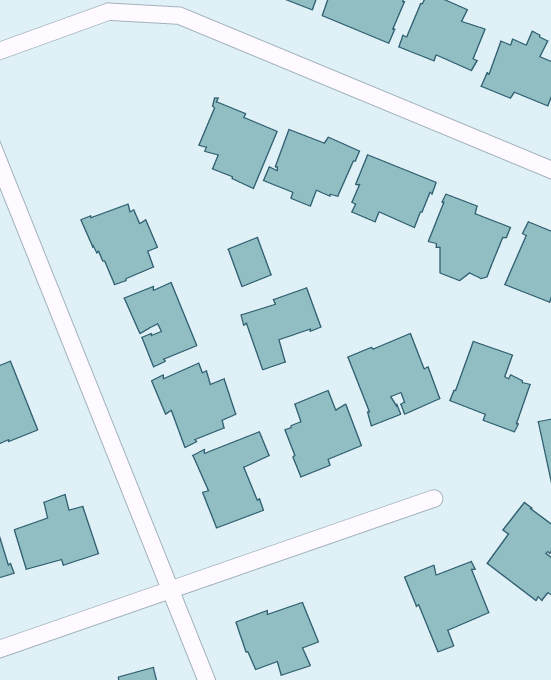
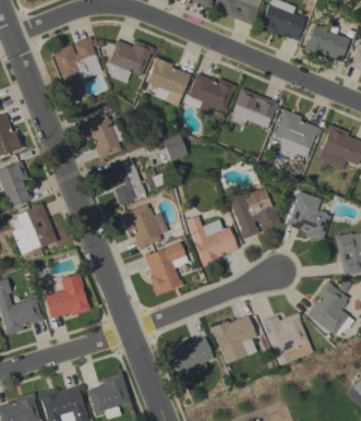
building: none -> [51,36,101,100]
building: none -> [106,39,154,82]
building: [241,288,321,370] -> none
building: none -> [208,314,255,362]

